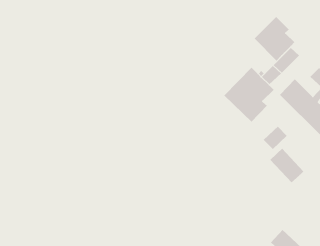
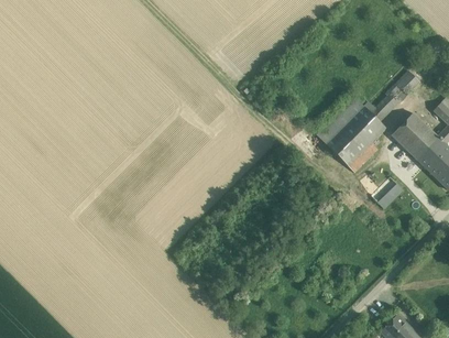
building: [254,16,295,61] -> none
building: [269,148,304,183] -> none

